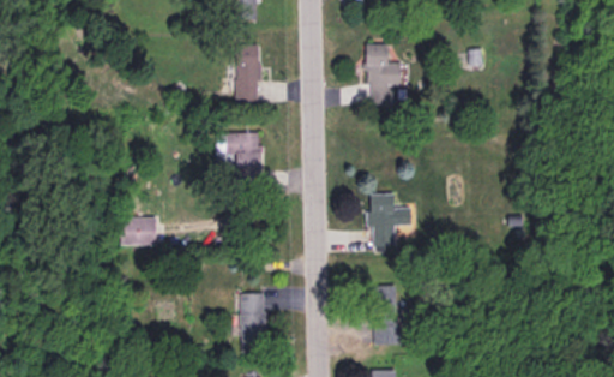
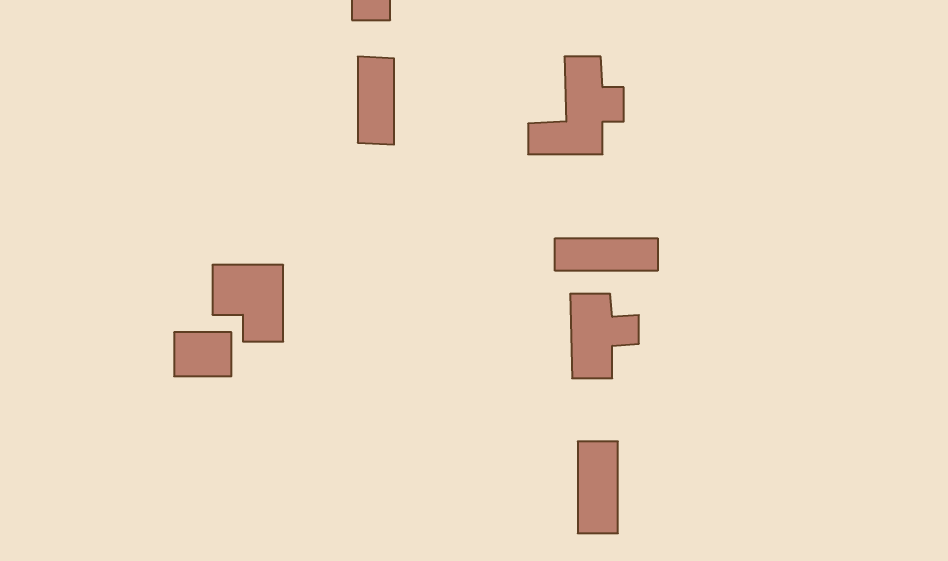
building: [216,133,260,181] -> [212,265,283,342]
building: none -> [555,238,658,271]
building: [241,293,265,352] -> none

